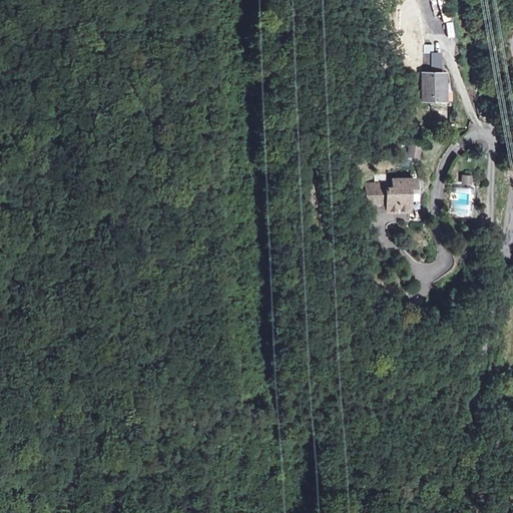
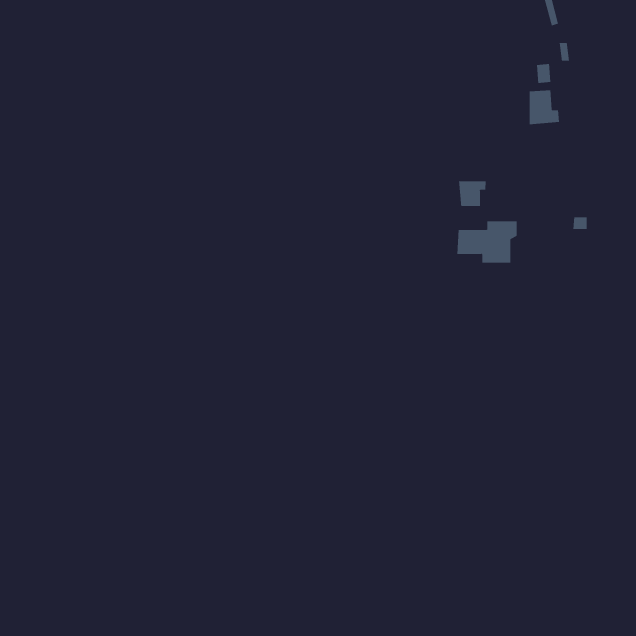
building: none -> [458,180,486,207]

